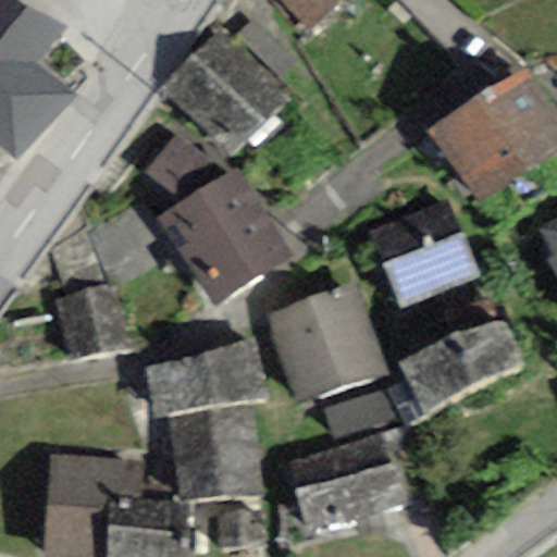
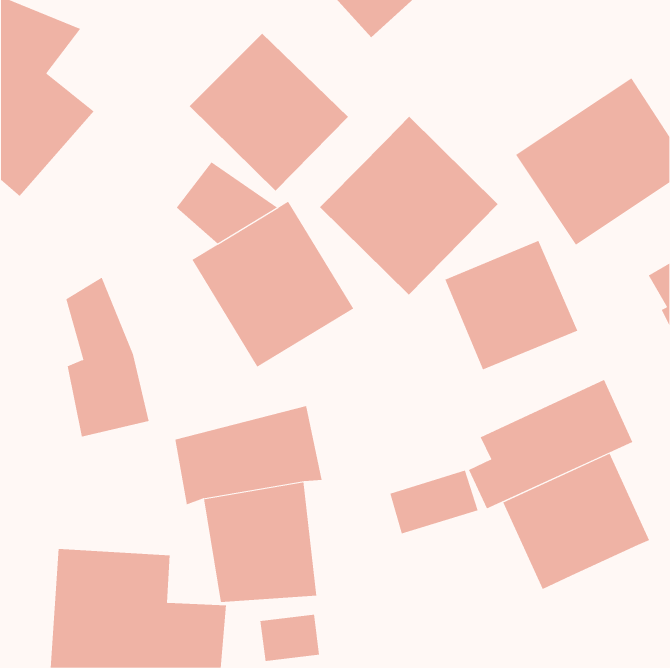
building: none -> [319,116,499,295]
building: [267,283,388,407] -> none
building: none -> [503,453,650,590]
building: [286,433,405,531] -> none

